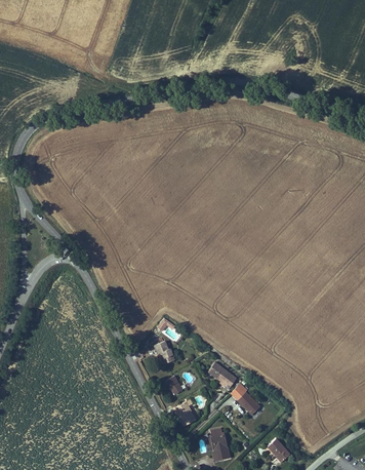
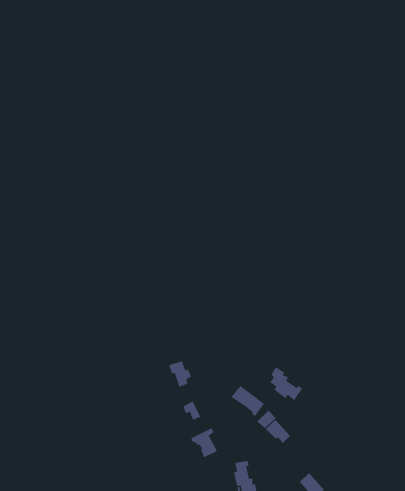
building: none -> [269,366,303,401]

